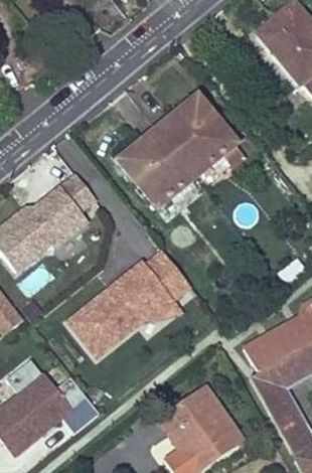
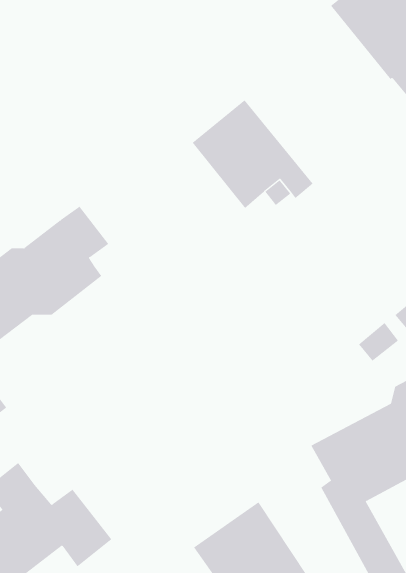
building: [117,129,195,208] -> none
building: [66,251,190,359] -> none

